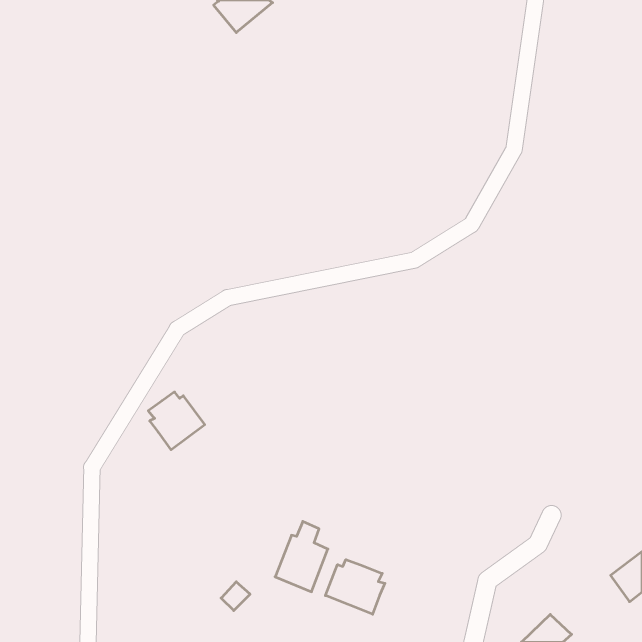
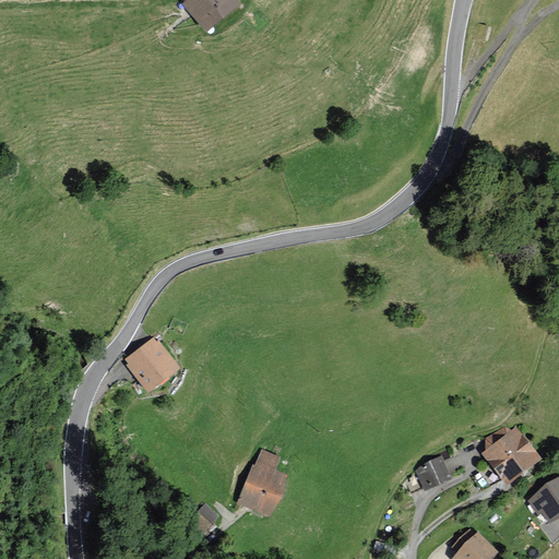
building: none -> [486,428,540,484]
building: none -> [417,459,449,487]
building: [325,560,385,614] -> none

